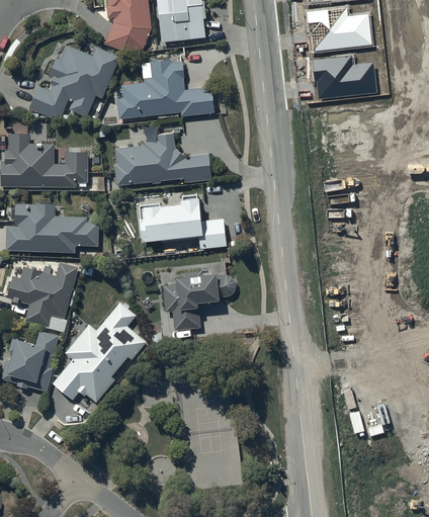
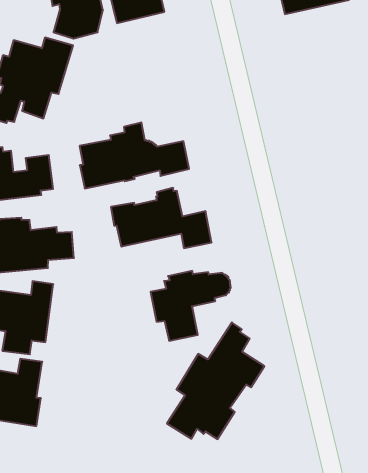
building: [312,56,376,99] -> none
building: [116,58,213,118] -> none
building: [53,299,146,402] -> [167,322,264,439]

